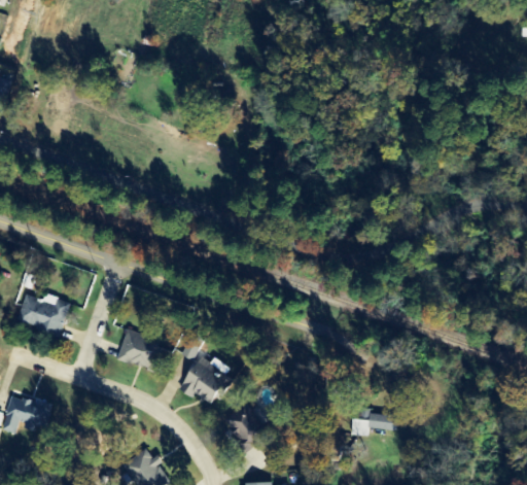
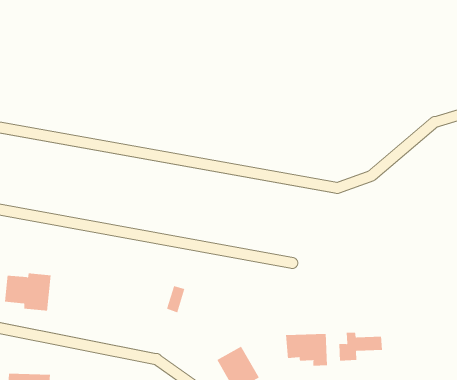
building: [117,330,162,370] -> none
building: [178,355,232,404] -> none
building: none -> [286,333,327,366]

